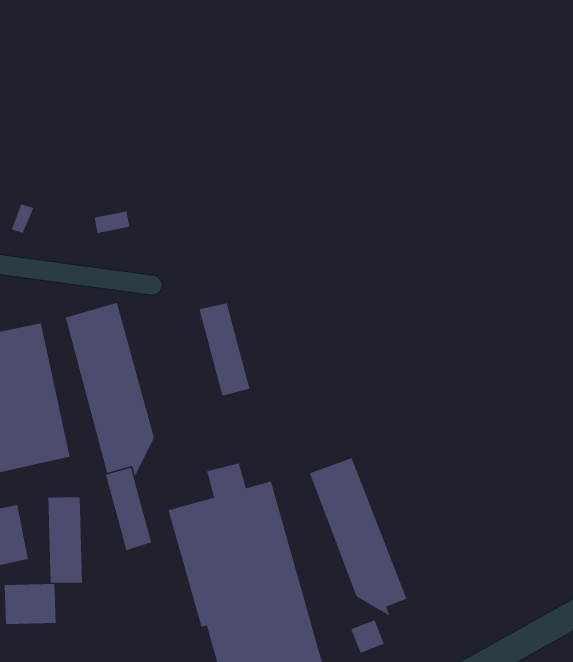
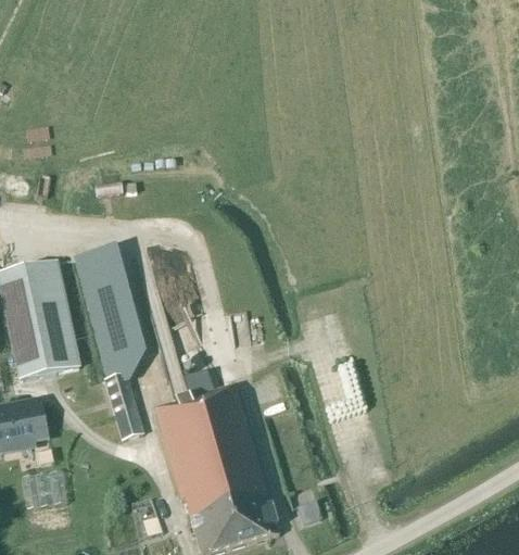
building: [198,302,250,396] -> none
building: [309,457,407,617] -> none
building: [48,497,83,583] -> none

